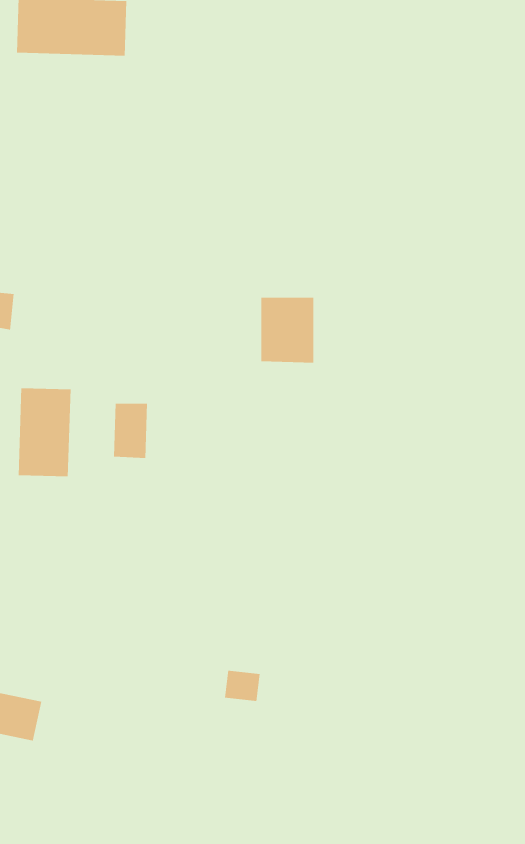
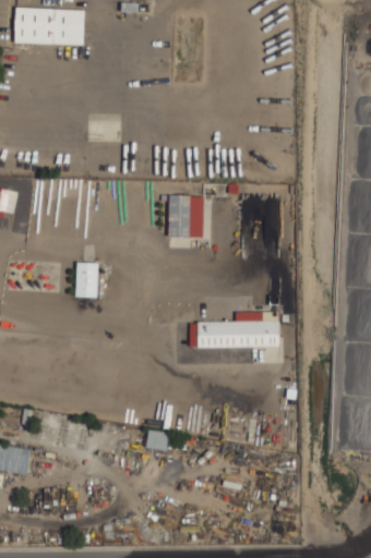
building: [18,387,71,477] -> none
building: none -> [196,313,278,348]

